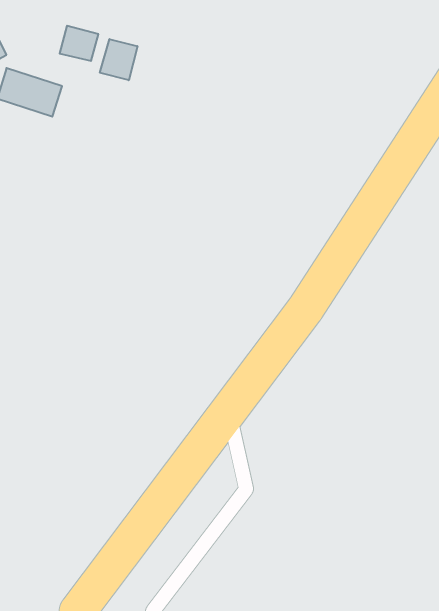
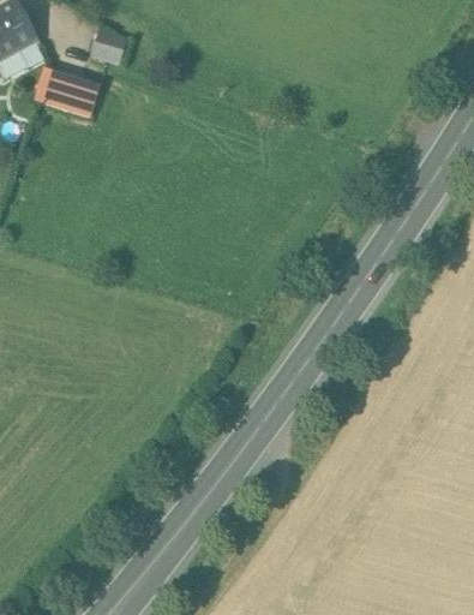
building: [100,39,137,80] -> none

